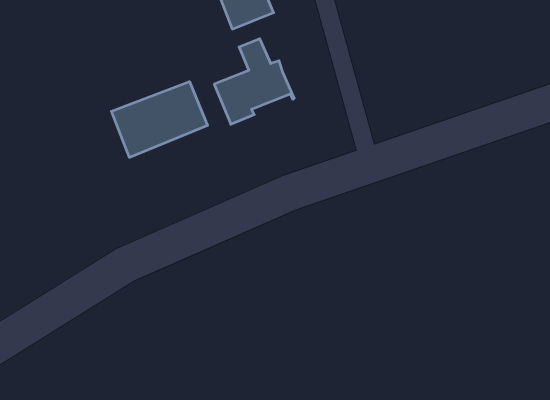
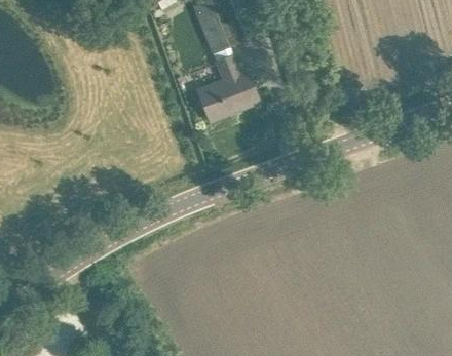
building: [111,82,208,157] -> none

